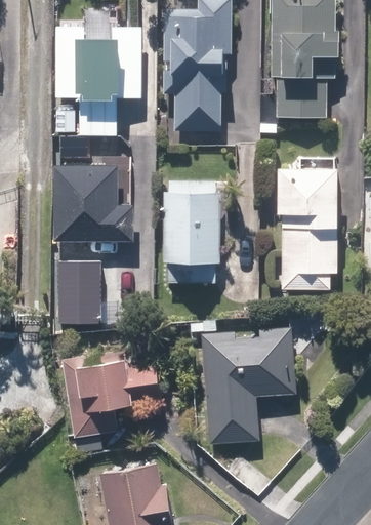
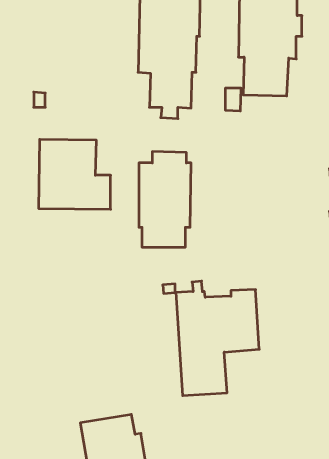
building: [55,26,139,136] -> none
building: [281,165,340,290] -> none
building: [74,265,115,302] -> none
building: [64,352,160,437] -> none

